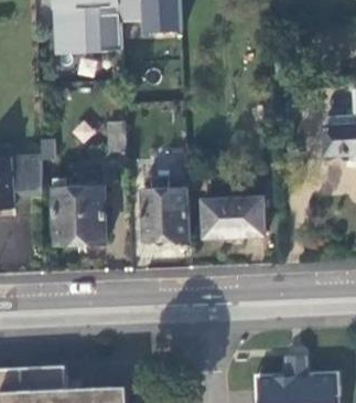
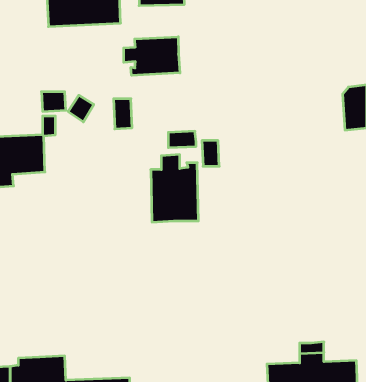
building: none -> [124,37,180,75]
building: [50,178,104,244] -> none
building: [205,197,266,236] -> none

